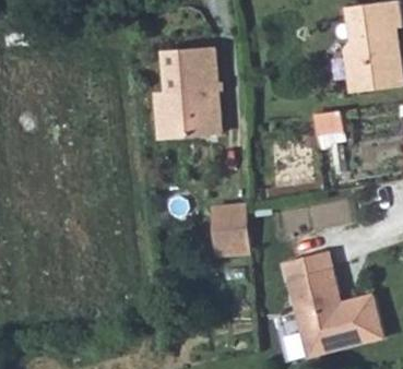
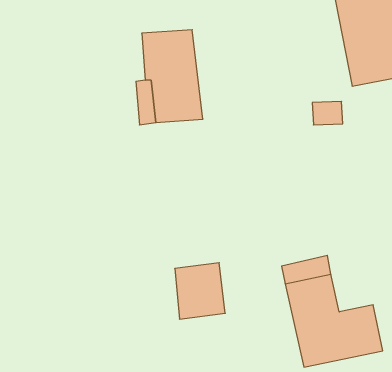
building: [205,202,252,254] -> [175,263,225,319]

